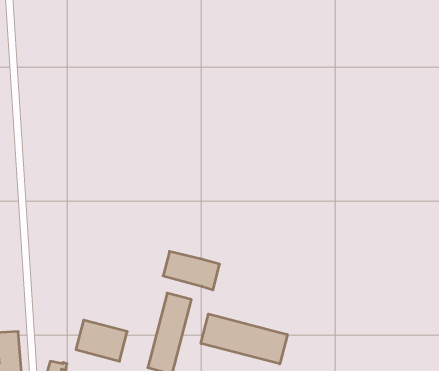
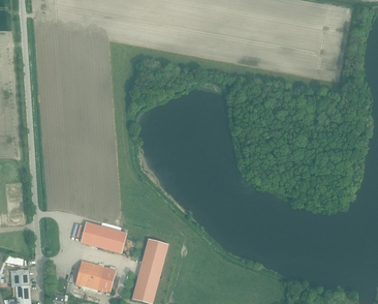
building: [163,251,220,290] -> [80,222,125,253]
building: [201,314,287,364] -> none

